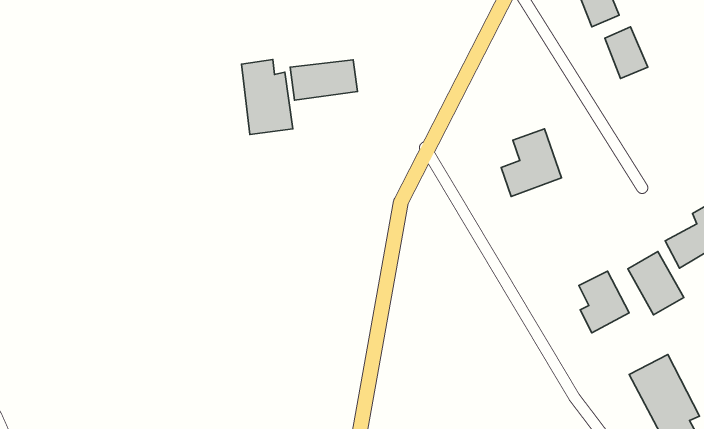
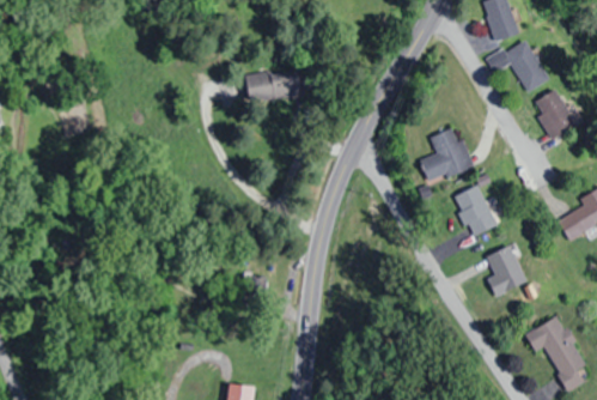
building: [241,60,293,134] -> none
building: none -> [531,89,578,139]
building: [628,252,684,315] -> [452,184,499,237]

